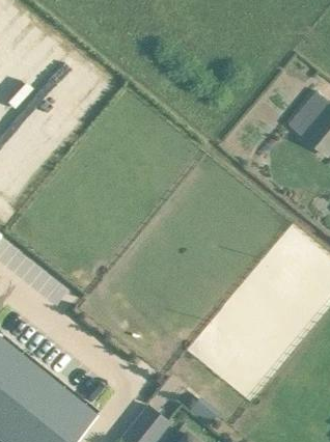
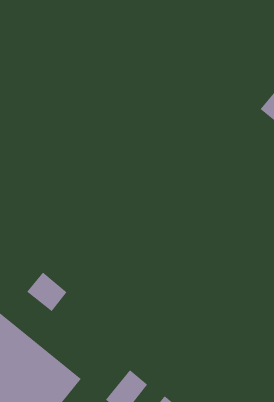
building: none -> [26,271,67,312]

